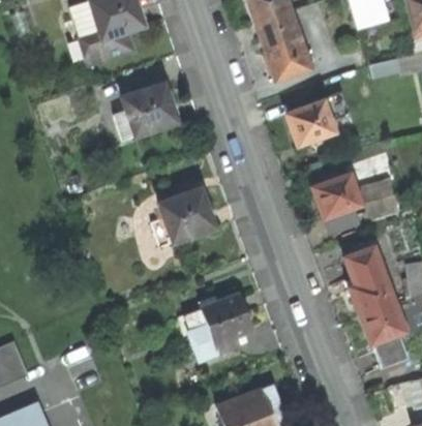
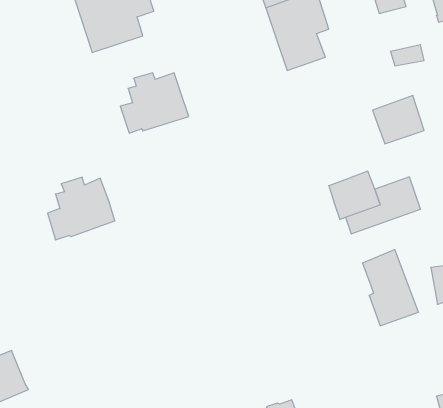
building: [283,100,331,145] -> [373,96,424,144]
building: [155,188,217,246] -> [48,177,115,240]
building: [185,294,255,360] -> none
building: [358,304,405,367] -> none

